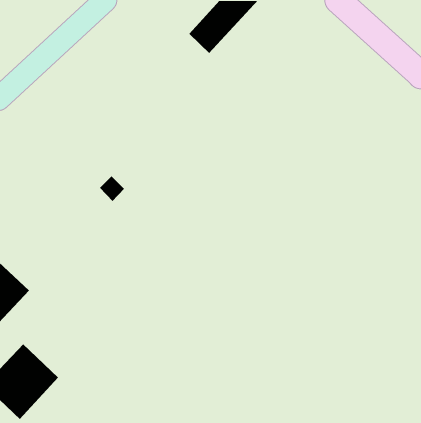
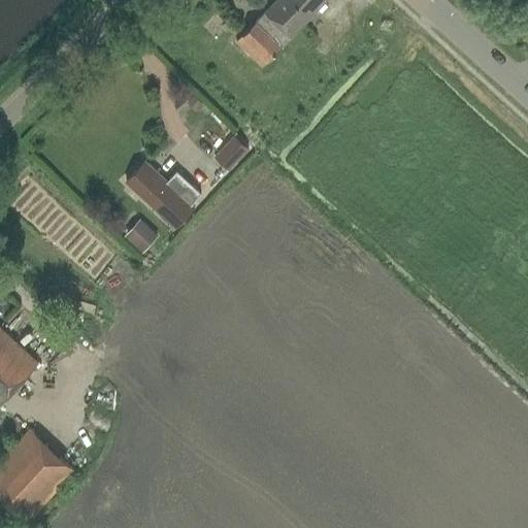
building: none -> [213,132,251,169]
building: none -> [123,160,199,227]

